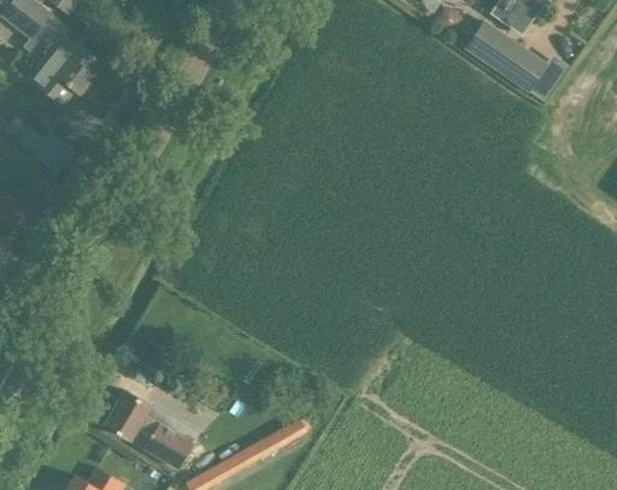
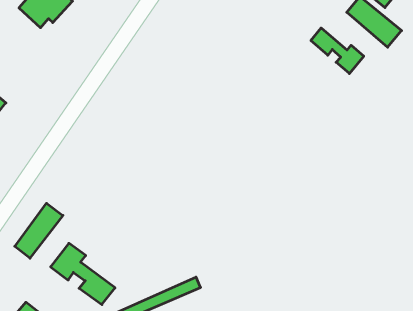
building: none -> [311,28,364,74]
building: none -> [15,203,63,258]

